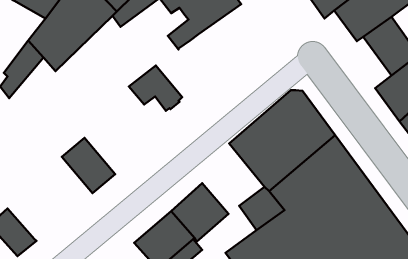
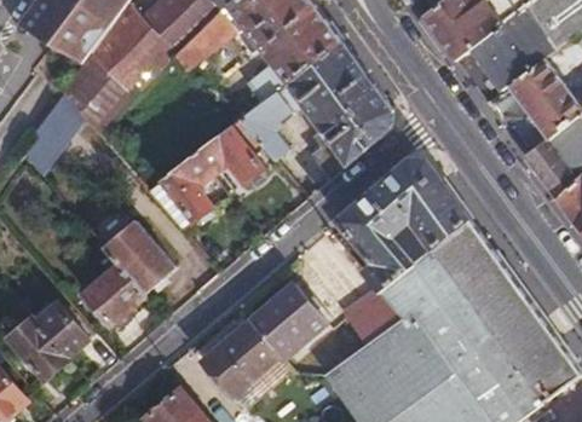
building: none -> [287,42,393,180]
building: none -> [238,91,292,160]
building: none -> [148,152,214,231]
building: none -> [83,264,145,325]
building: none -> [31,302,90,357]

